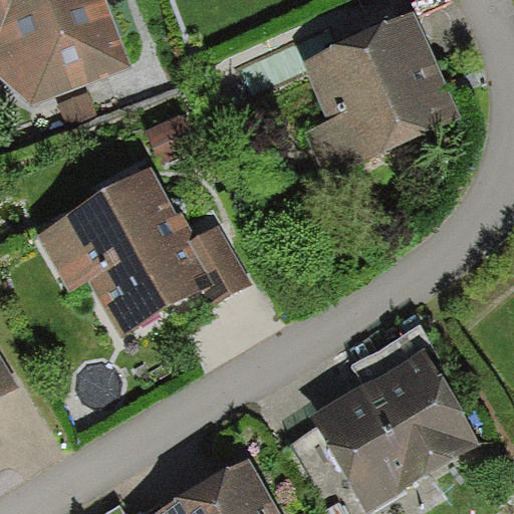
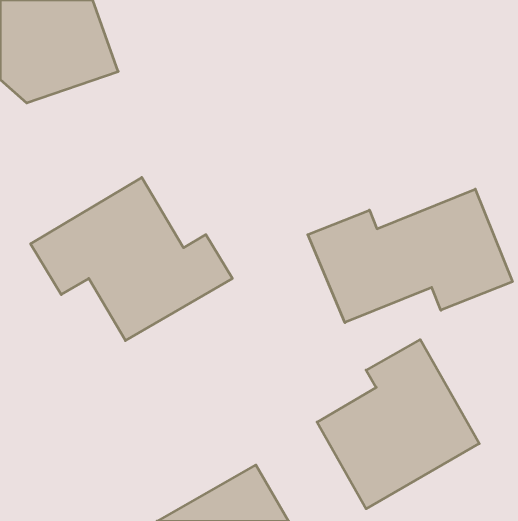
building: [304,20,446,170] -> none
building: none -> [308,189,512,323]

